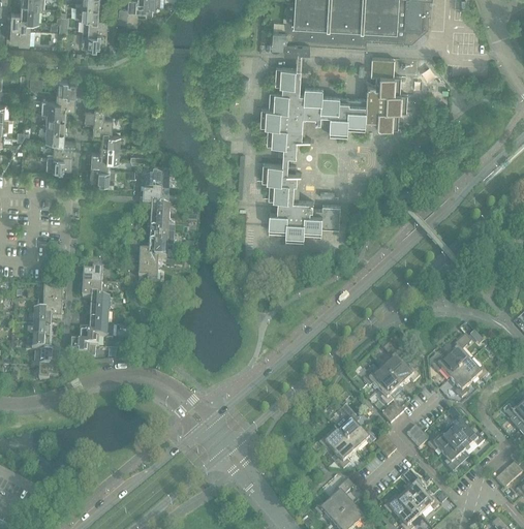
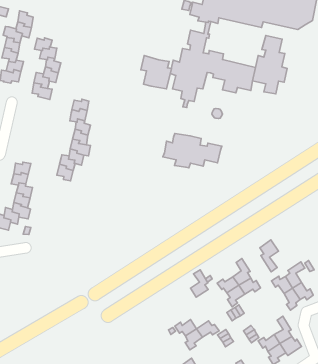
building: [261,161,300,198] -> [141,56,171,89]
building: none -> [260,240,278,272]
building: [337,405,360,440] -> [190,270,208,297]

